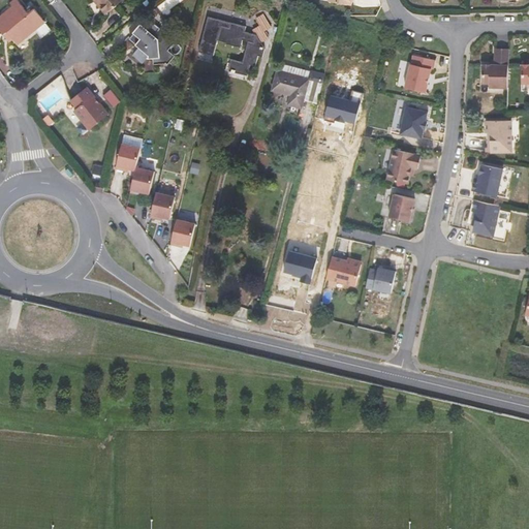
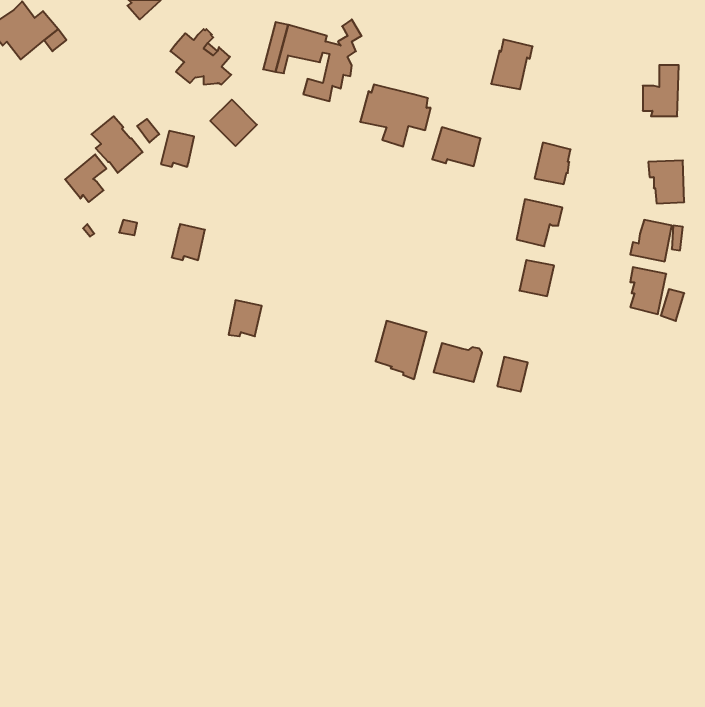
building: [403,55,434,92] -> [491,39,533,89]
building: none -> [210,100,257,146]
building: none -> [65,154,106,202]
building: [114,144,138,170] -> [161,131,194,167]
building: [151,197,175,224] -> none

